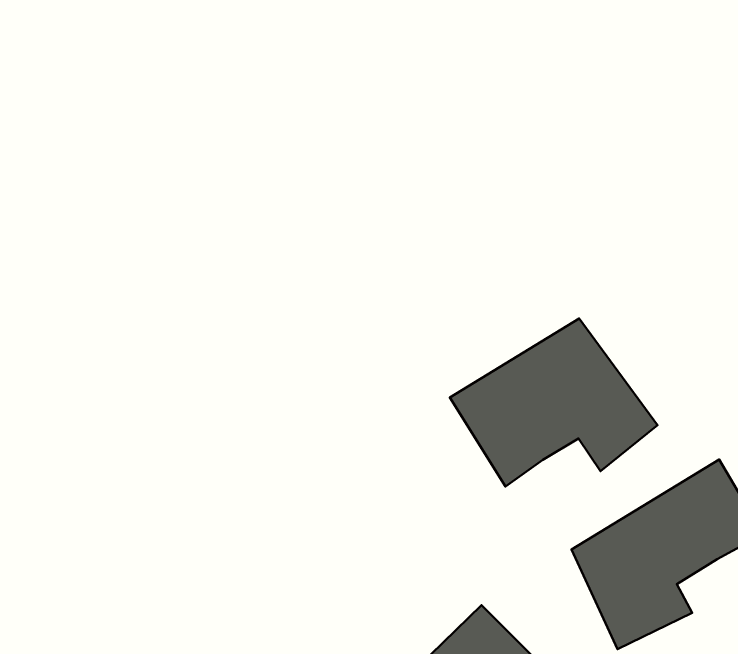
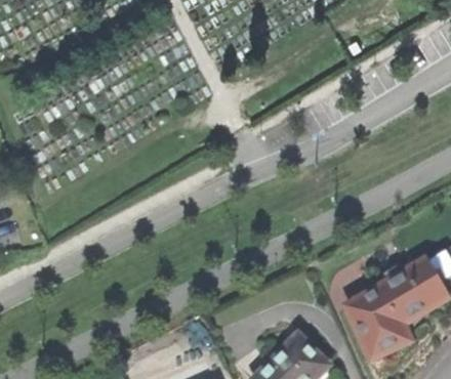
building: [450,318,657,486] -> none

